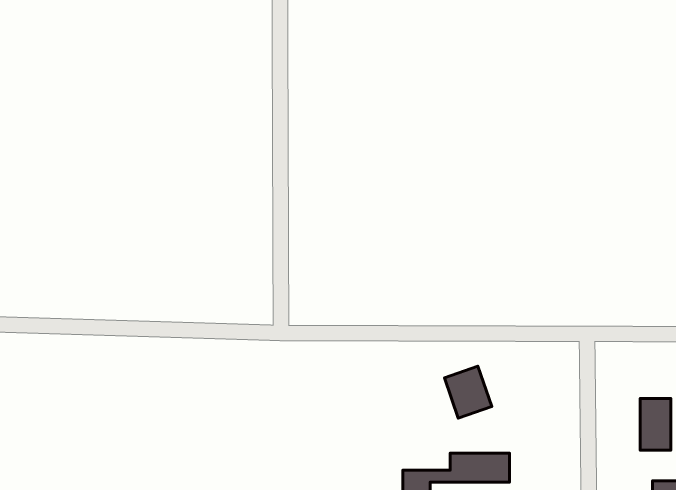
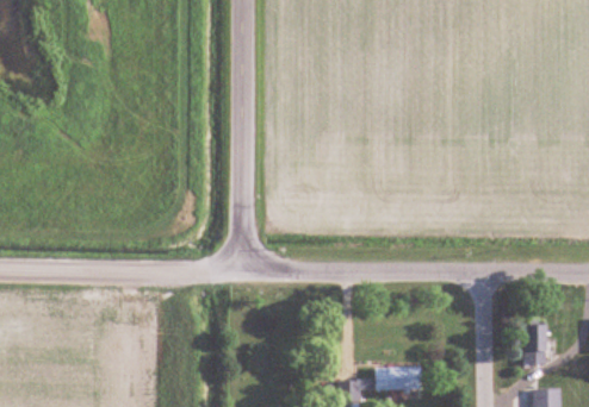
building: [444,366,492,418] -> none

